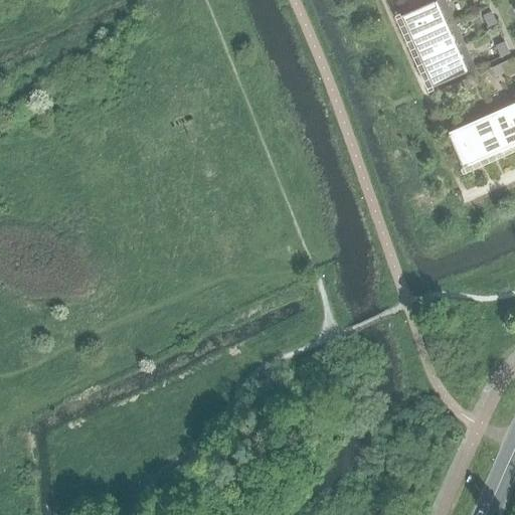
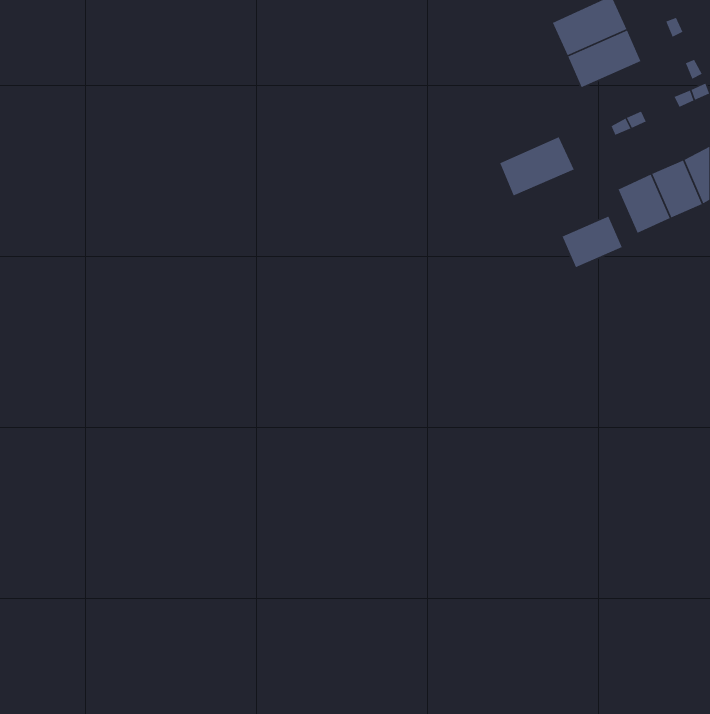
building: [417,44,472,88] -> [499,136,575,196]
building: none -> [561,216,623,268]

